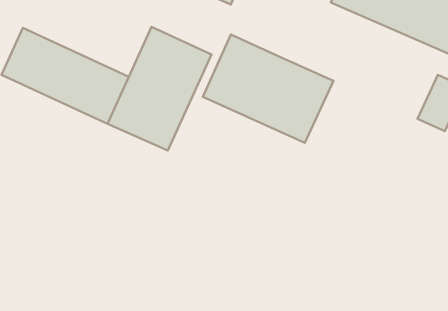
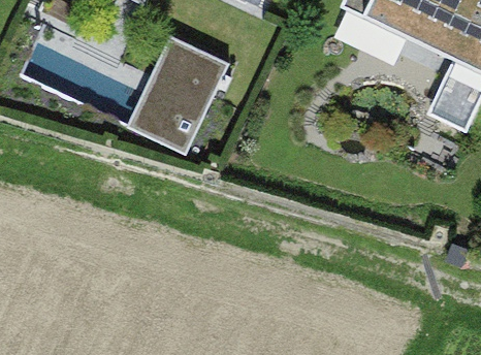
building: [203,34,333,143] -> none

